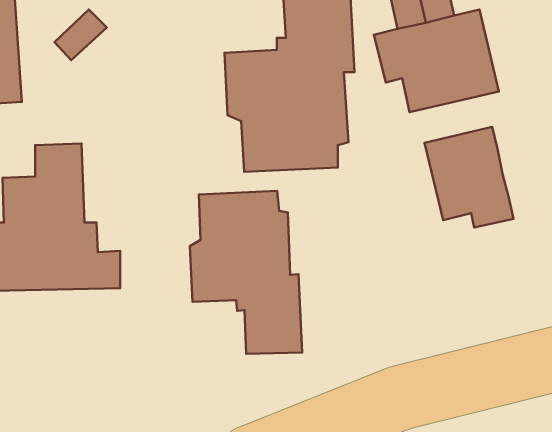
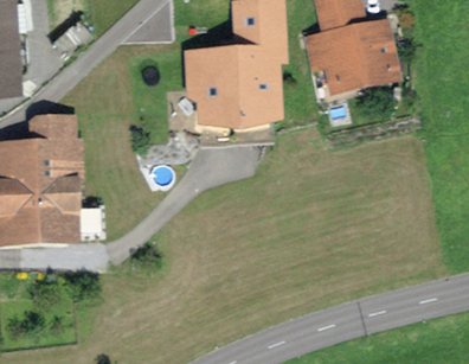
building: [425,127,514,228] -> none
building: [190,191,302,354] -> none

